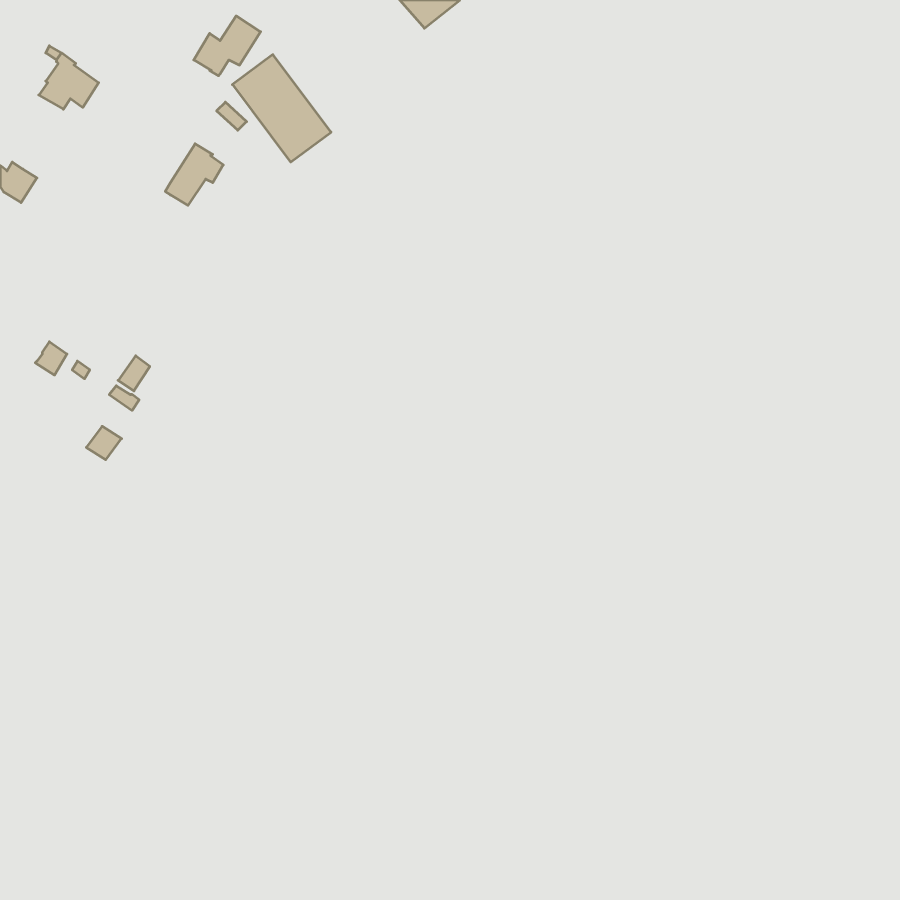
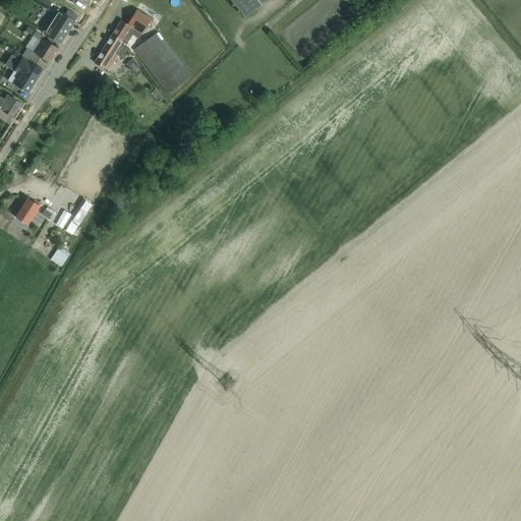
building: none -> [43,9,77,44]
building: none -> [8,51,43,93]
building: [165,144,223,205] -> [95,35,128,70]

